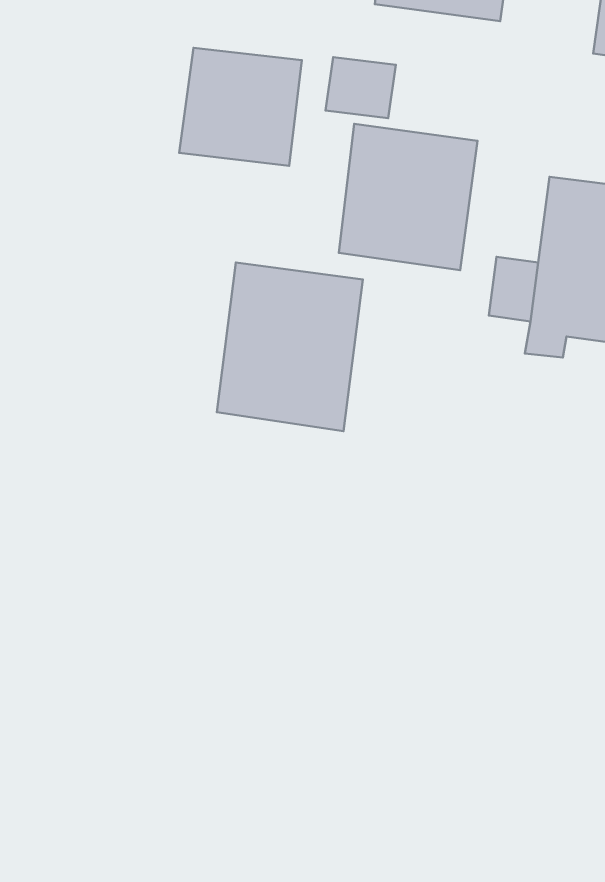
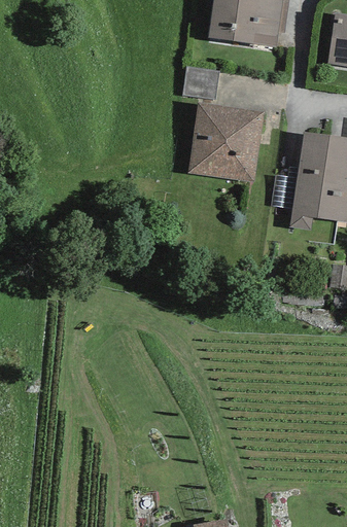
building: [179,48,302,166] -> none
building: [217,263,363,431] -> none

